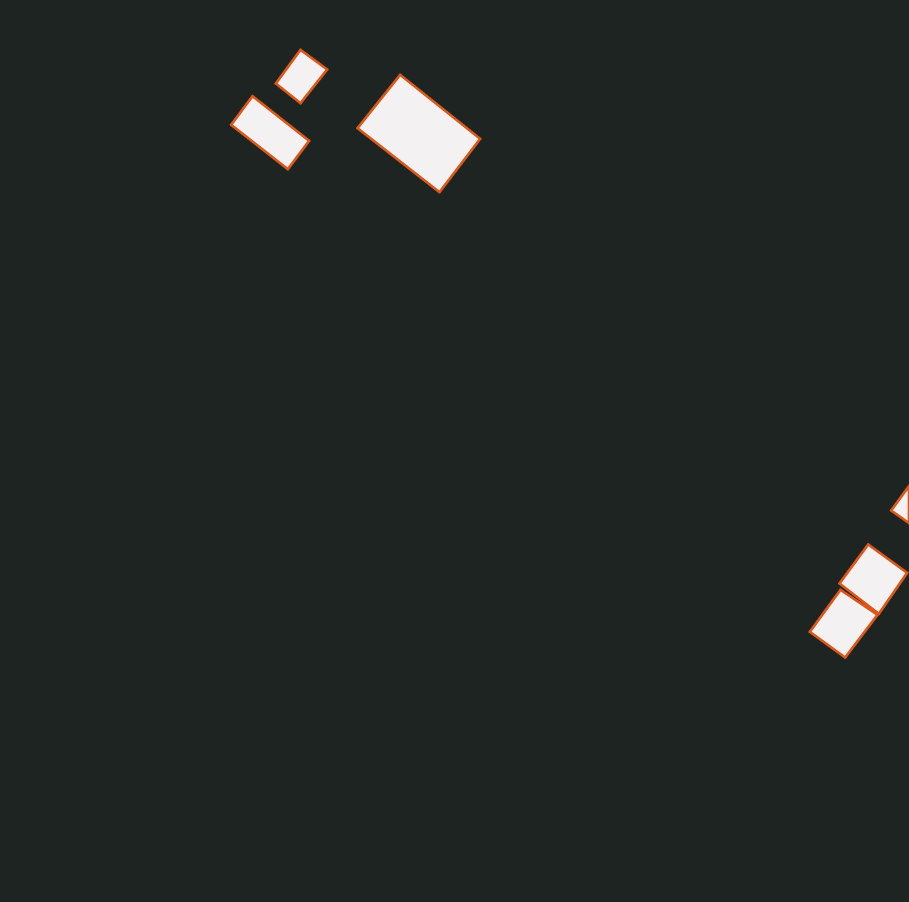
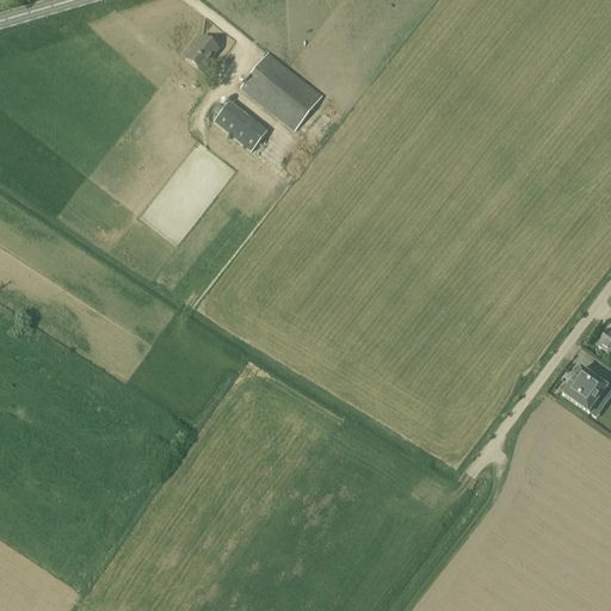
building: [231,96,309,169] -> [214,100,266,149]
building: [810,590,877,658] -> none

